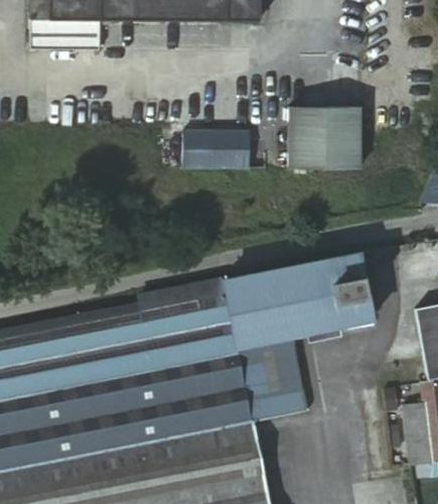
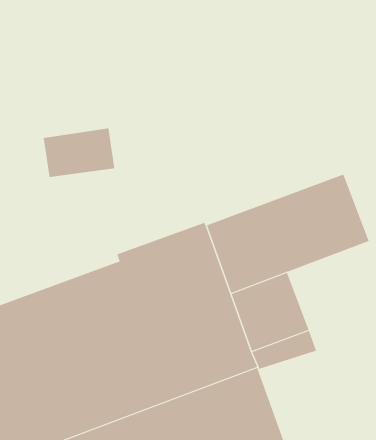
building: [288,106,360,168] -> none
building: [182,129,245,167] -> [43,128,115,177]

